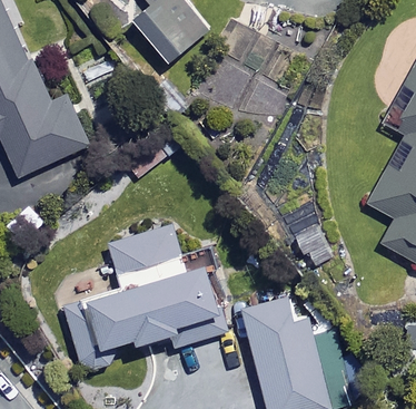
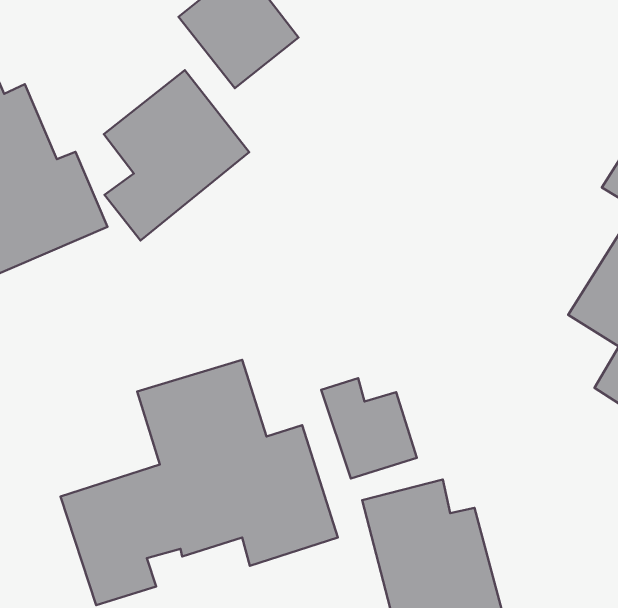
building: none -> [104,70,249,240]
building: none -> [321,378,417,479]

